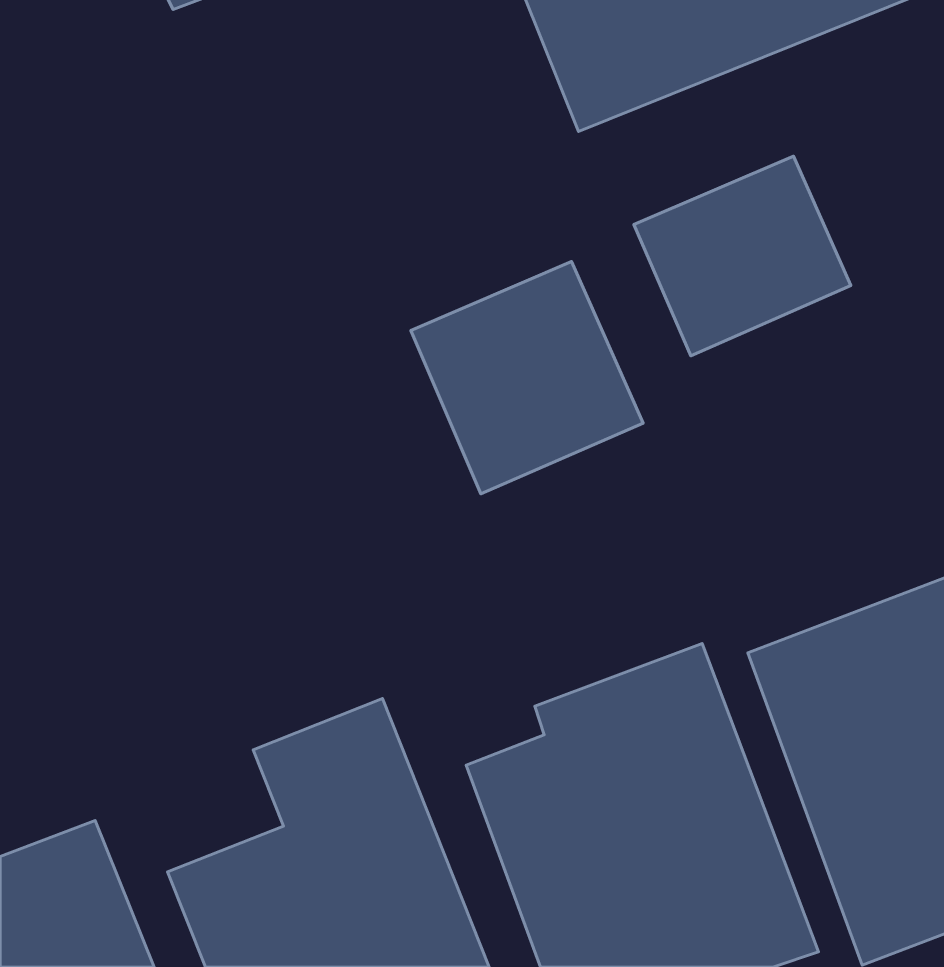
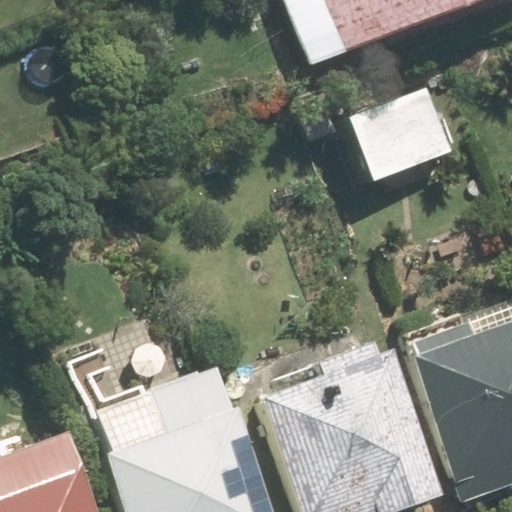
building: [411,261,643,494] -> none

